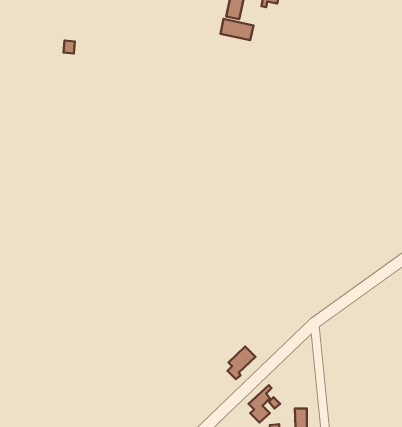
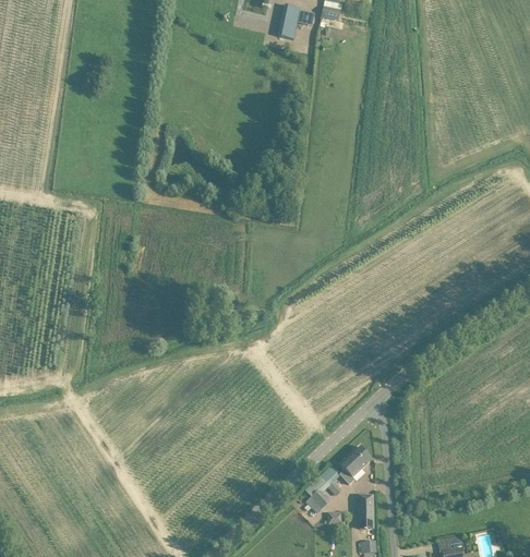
building: [220,19,254,40] -> none
building: [228,347,255,379] -> [339,446,372,484]

